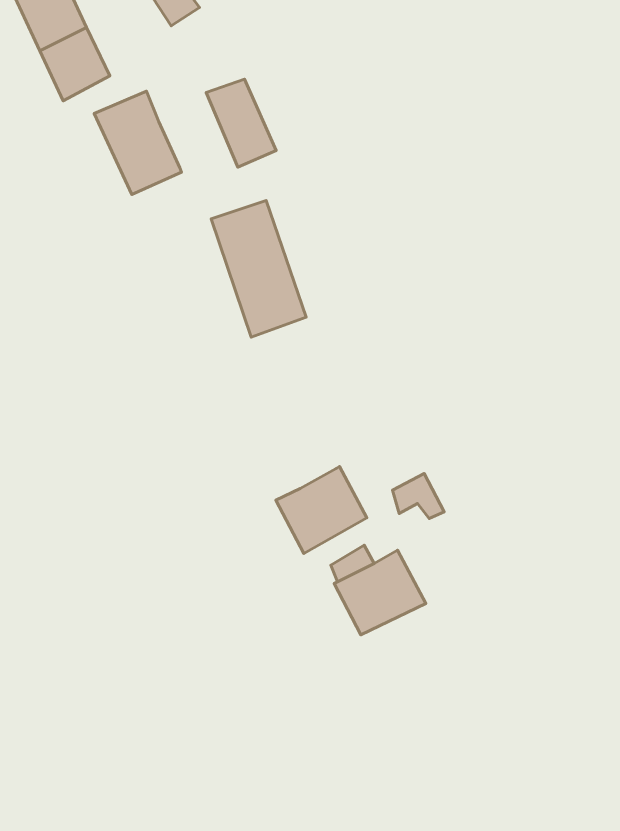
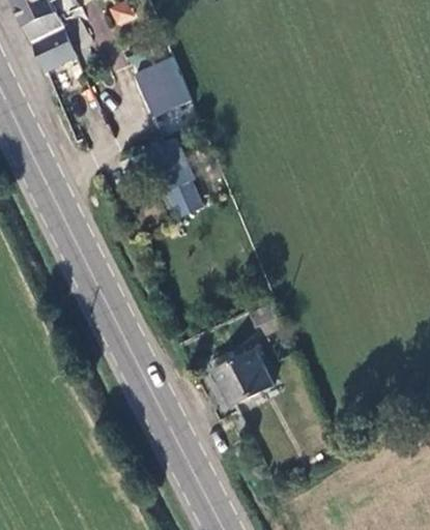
building: [94,91,182,194] -> none
building: [276,467,367,554] -> none

